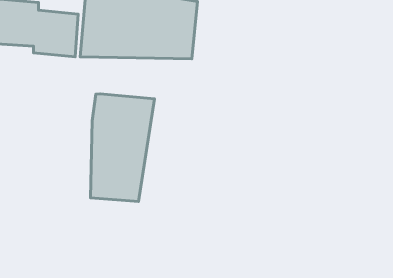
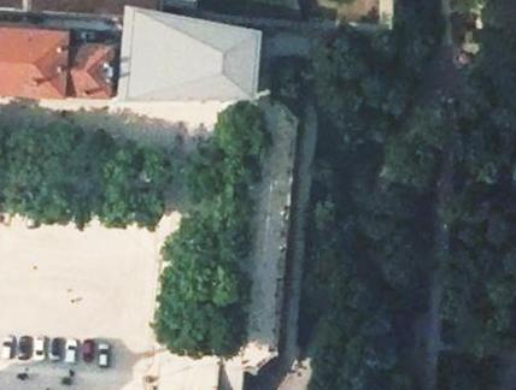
building: [90,94,154,202] -> none

